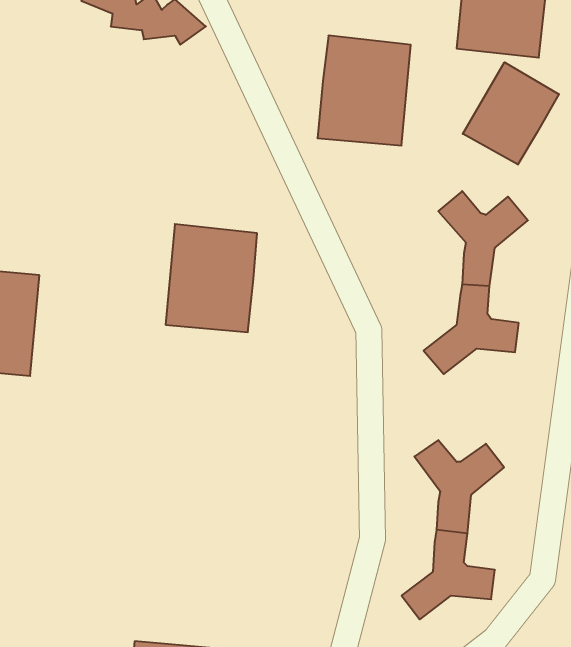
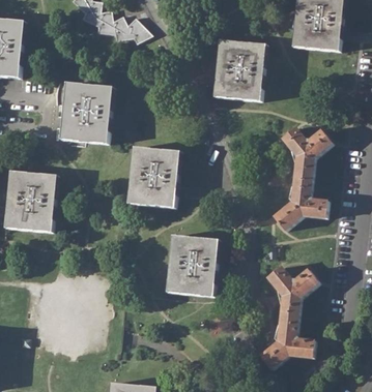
building: [463,62,559,165] -> none
building: none -> [60,83,113,143]
building: none -> [166,236,219,297]

